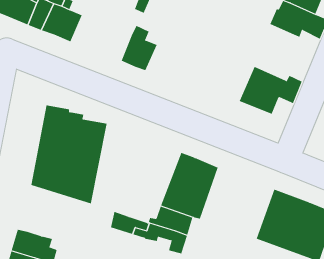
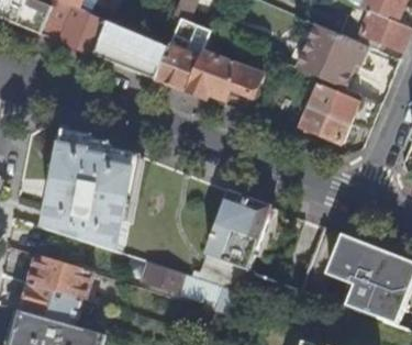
building: none -> [94,22,168,78]
building: none -> [296,22,368,88]
building: none -> [187,37,270,100]
building: none -> [29,257,92,300]

